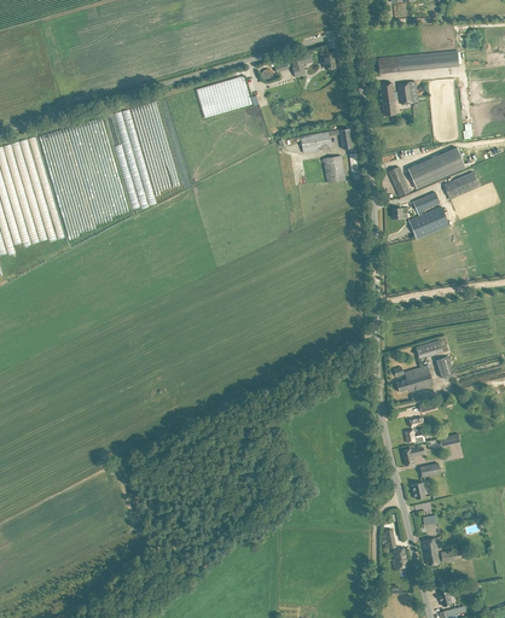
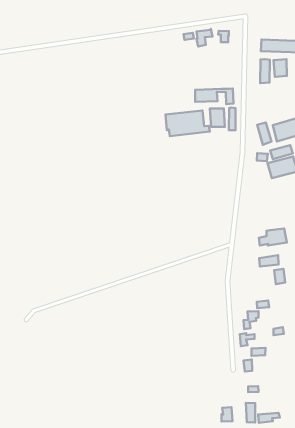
building: [196,76,257,116] -> [165,110,210,136]
building: [396,366,434,392] -> [259,229,287,246]

